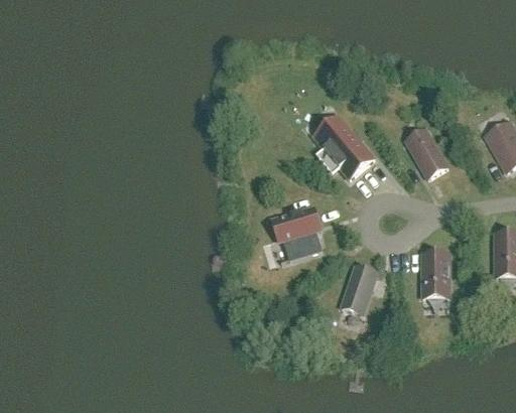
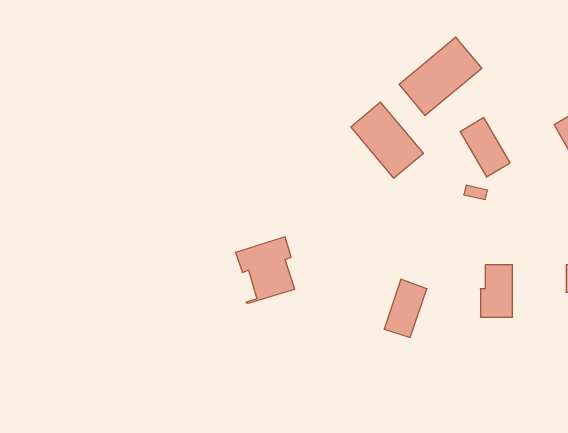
building: none -> [399,37,482,116]
building: [271,205,321,262] -> [235,237,295,303]

